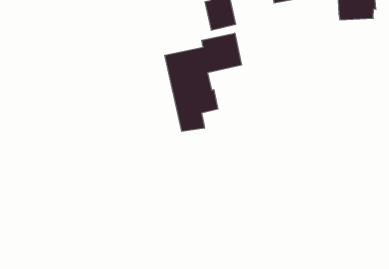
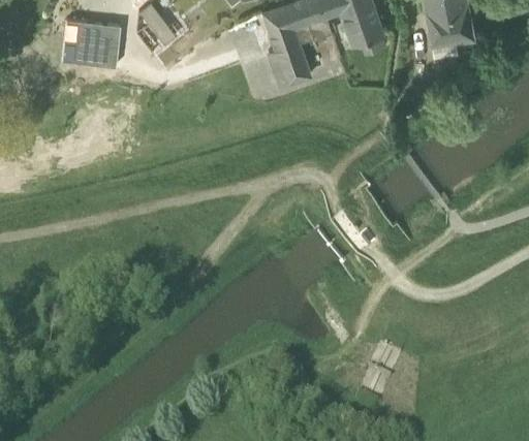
building: [165,33,241,131] -> none

